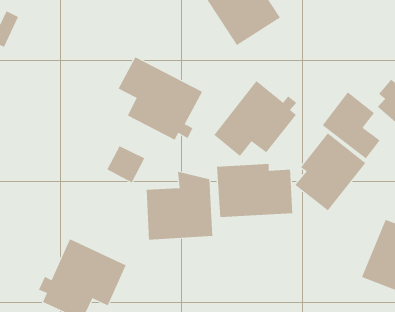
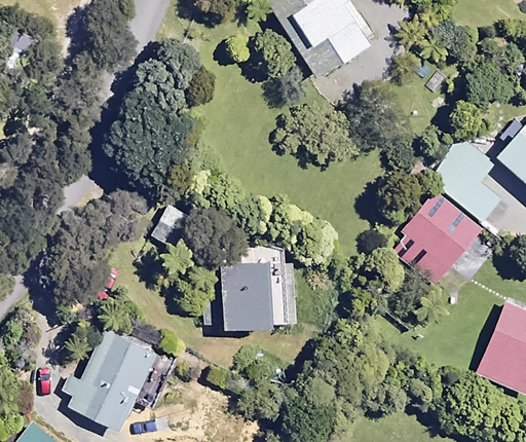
building: [118,56,203,141] -> none
building: [213,80,297,157] -> none
building: [217,163,293,218] -> none

